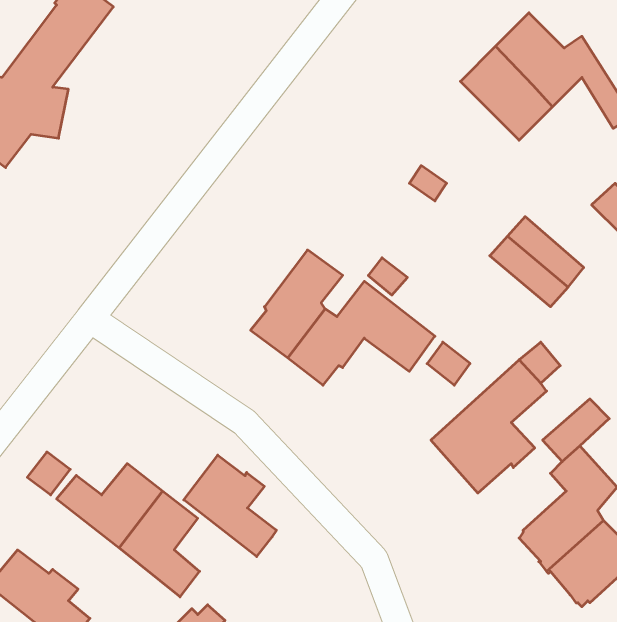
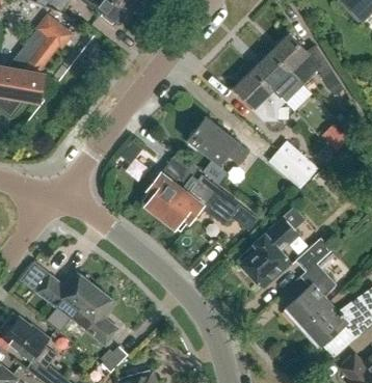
building: none -> [235,70,284,121]
building: none -> [187,116,249,165]
building: [184,455,276,557] -> none

